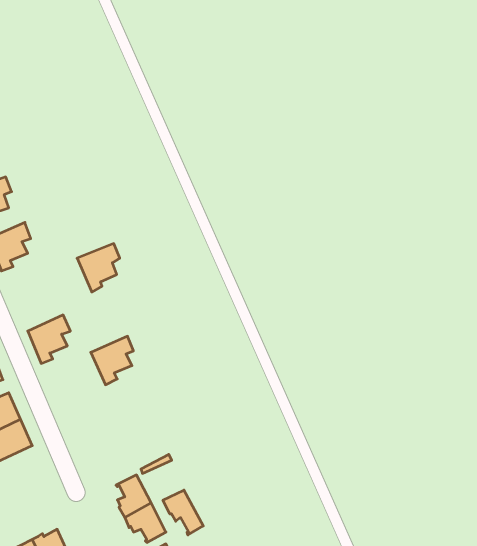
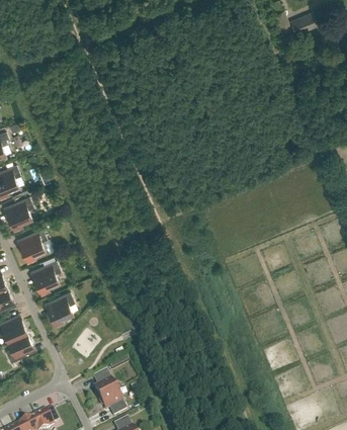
building: [77,244,120,292] -> [18,229,48,262]
building: [91,336,133,385] -> [46,292,75,326]
building: [163,490,203,535] -> none

